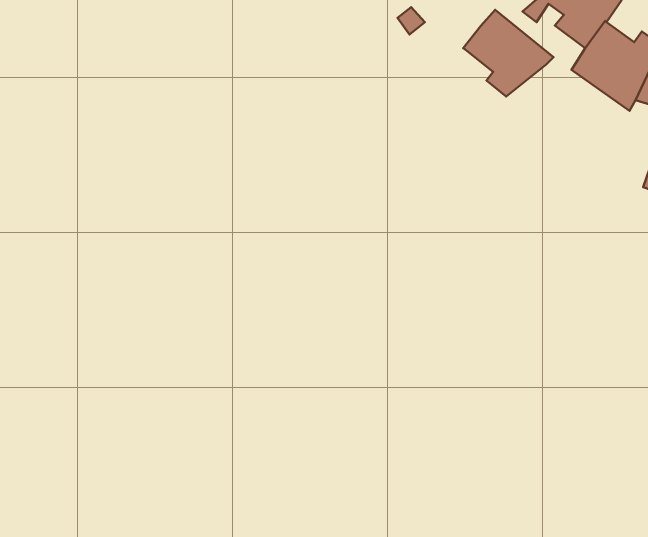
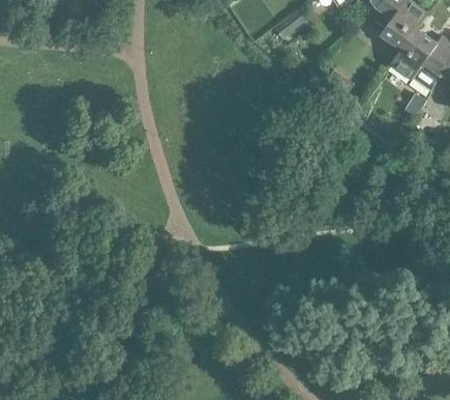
building: [463,10,554,97] -> none

